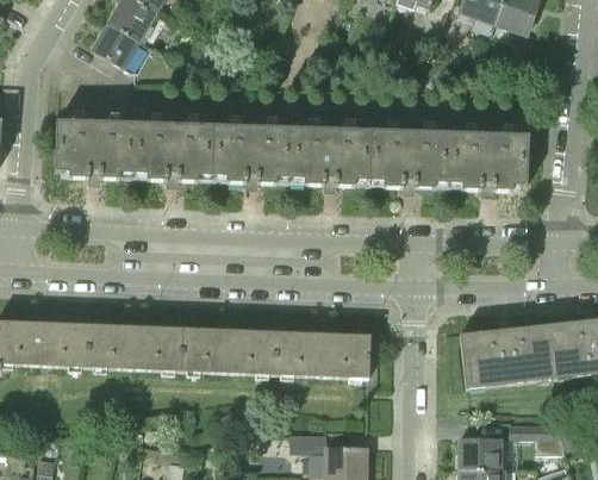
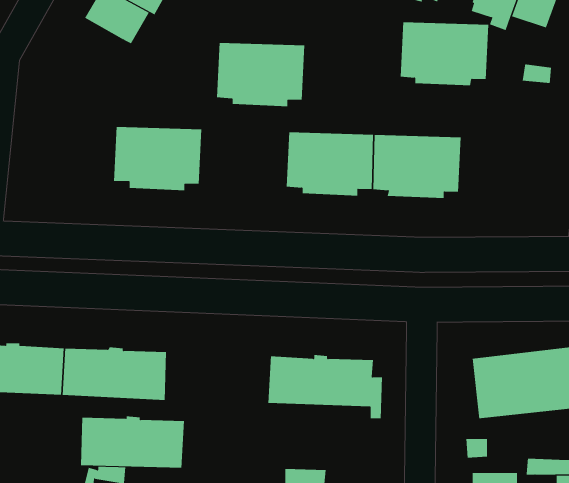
building: [92,24,143,71] -> none
building: [55,120,136,179] -> none
building: [212,125,293,183] -> [216,43,305,107]
building: [448,132,529,191] -> [400,22,489,86]
building: [181,326,276,374] -> [80,416,185,468]

